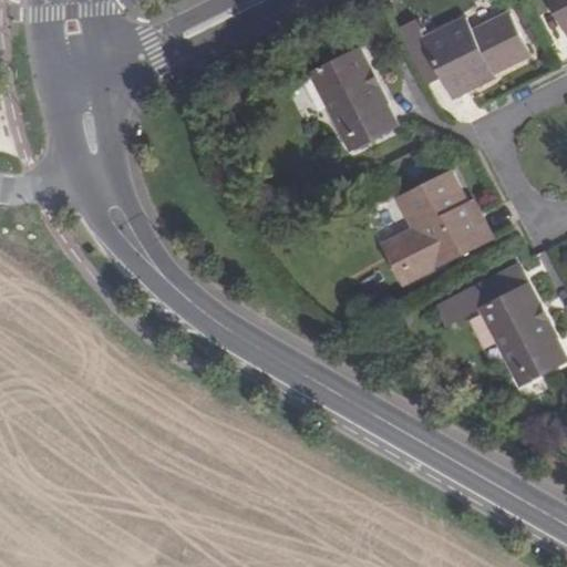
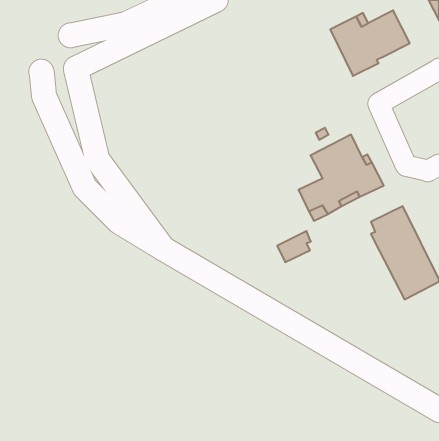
building: [312,50,396,150] -> none
building: [439,285,482,324] -> [277,231,311,262]

